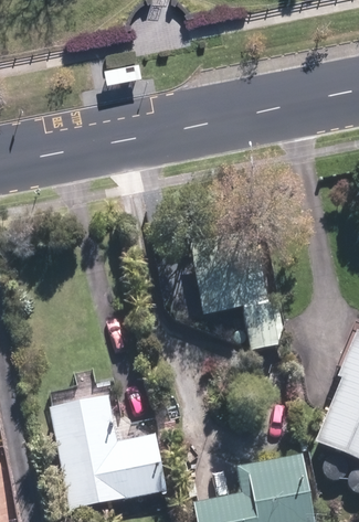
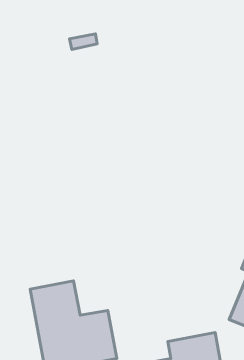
building: [188,236,282,351] -> none

